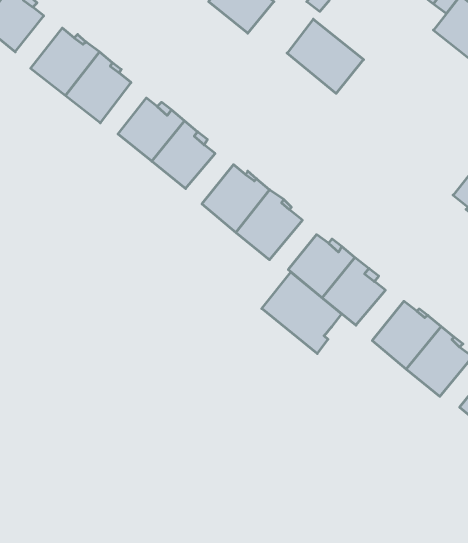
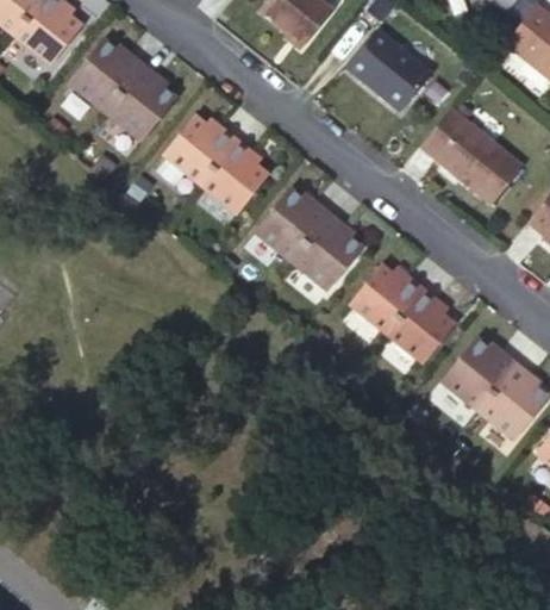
building: none -> [420,110,523,205]
building: [262,272,341,354] -> none

